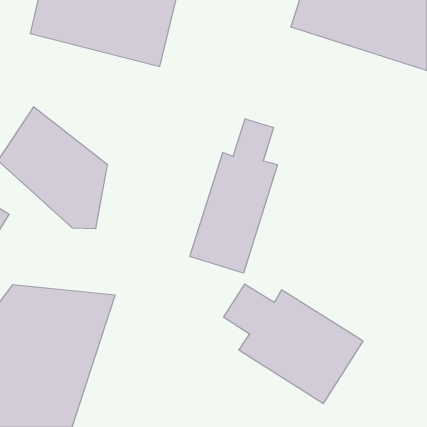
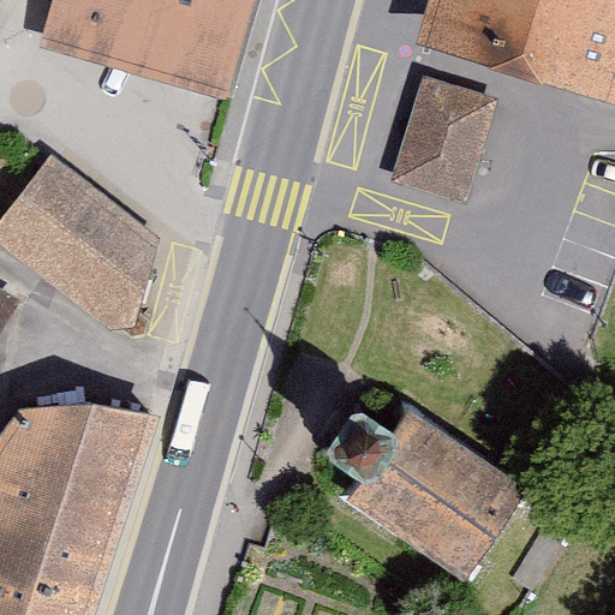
building: none -> [390,73,500,192]
building: [190,119,277,273] -> none

